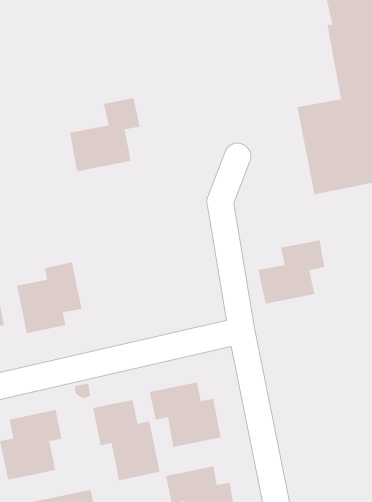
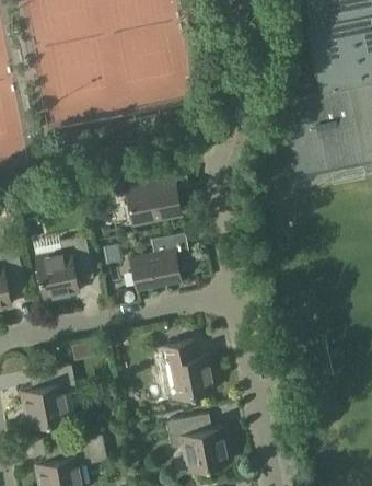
building: [69,97,140,172] -> [127,159,189,224]
building: [258,240,325,305] -> [131,233,190,290]
building: [92,399,160,481] -> none

